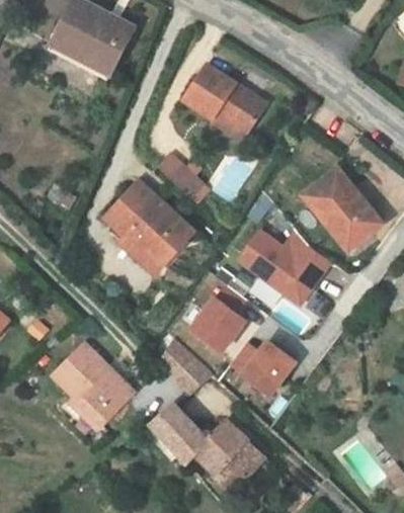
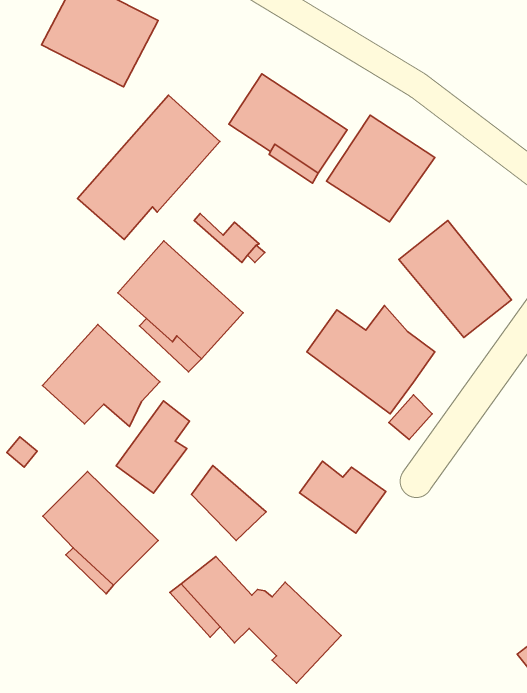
building: none -> [78,95,220,240]
building: none -> [327,115,435,222]
building: none -> [43,324,160,427]
building: [195,285,247,350] -> [116,401,190,493]

